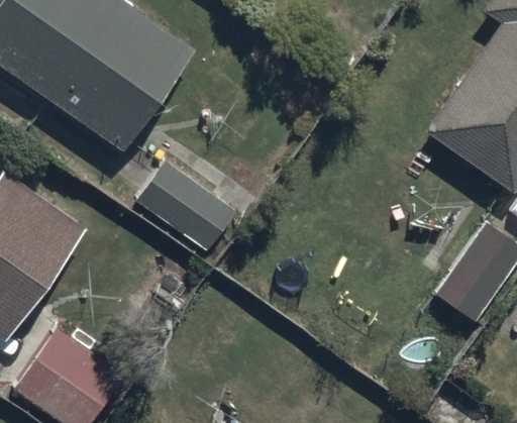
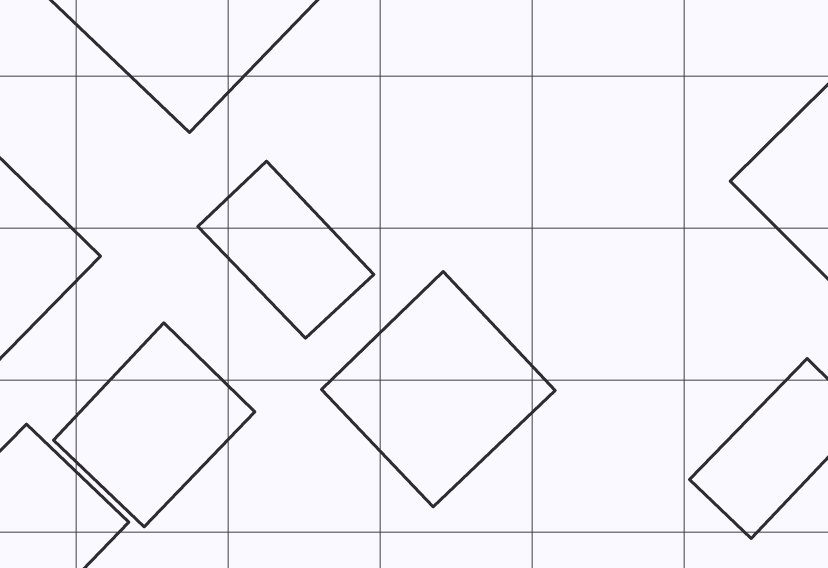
building: none -> [322,271,555,507]
building: none -> [54,323,255,527]

